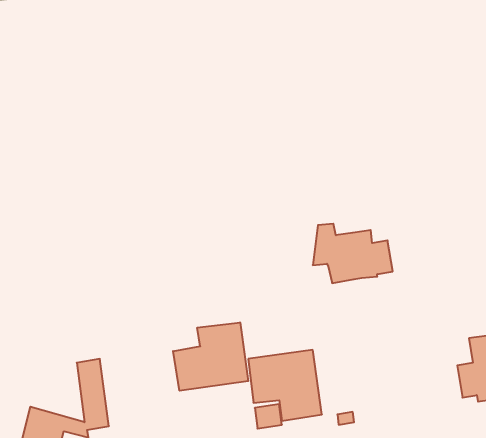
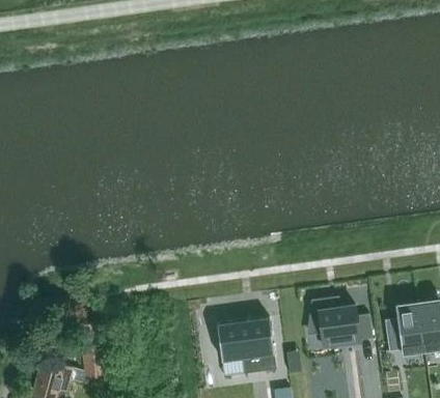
building: [313,224,393,283] -> [308,300,373,347]
building: [173,322,248,391] -> none

